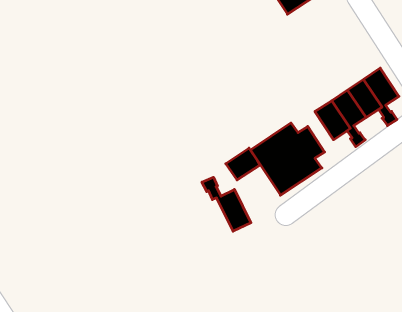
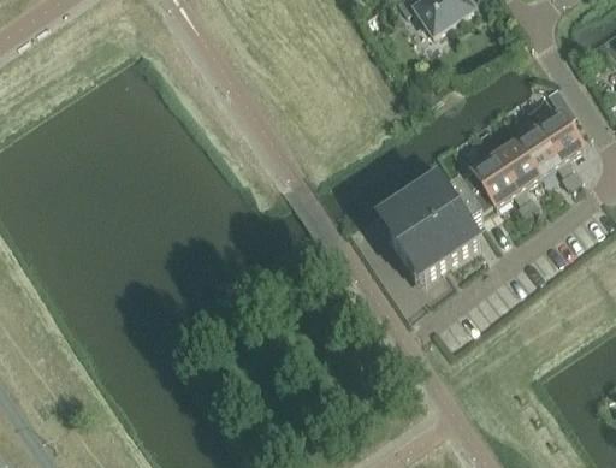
building: [226,148,260,180] -> none
building: [202,177,251,231] -> none

